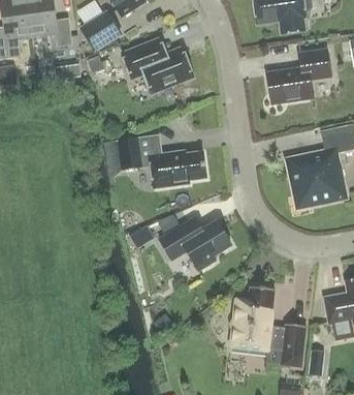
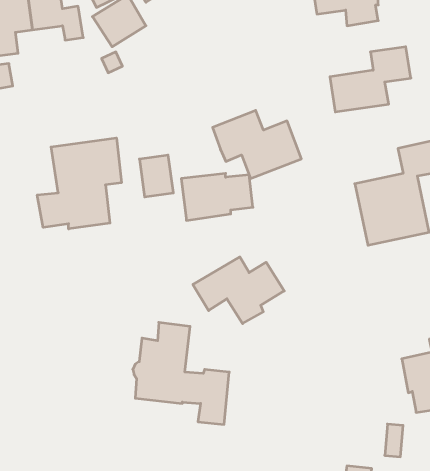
building: [123,38,193,92] -> [213,110,301,178]
building: none -> [37,138,121,229]
building: [229,285,305,366] -> [133,322,229,424]

